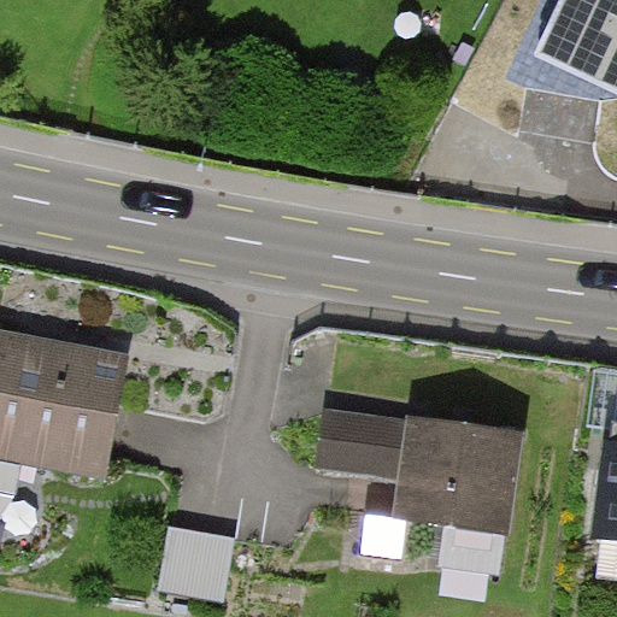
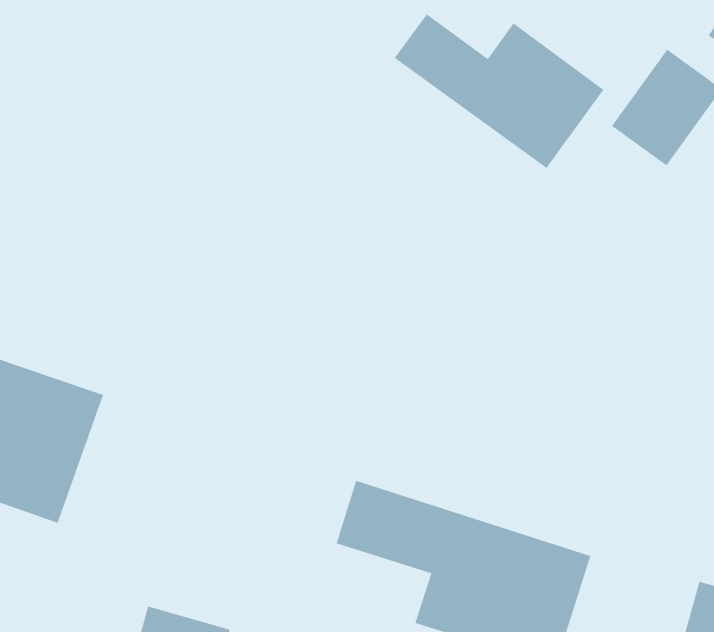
building: none -> [394,13,604,169]

